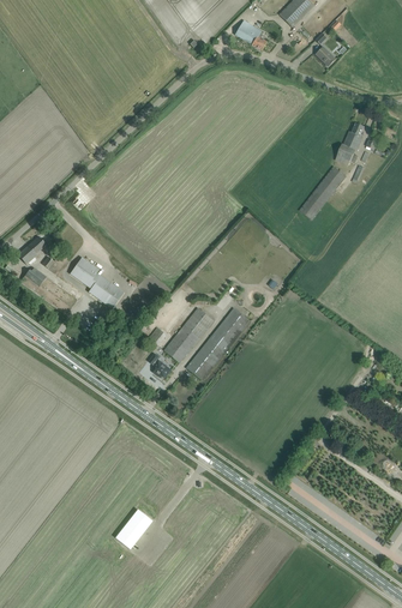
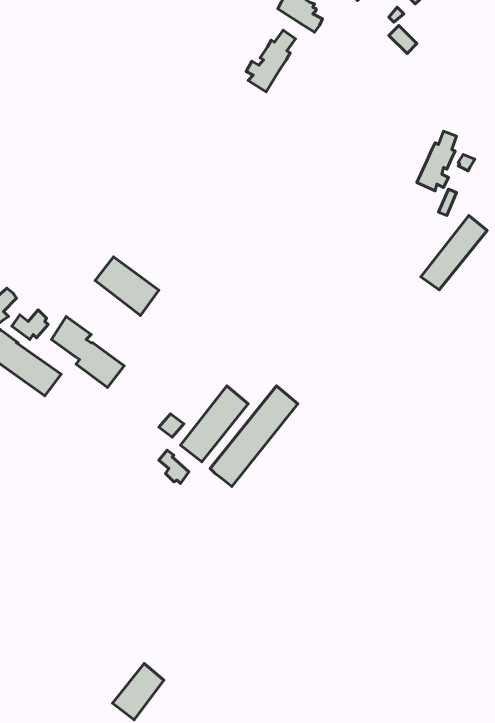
building: none -> [246,30,296,92]
building: [299,165,347,219] -> [421,216,487,290]
building: none -> [95,257,159,315]

